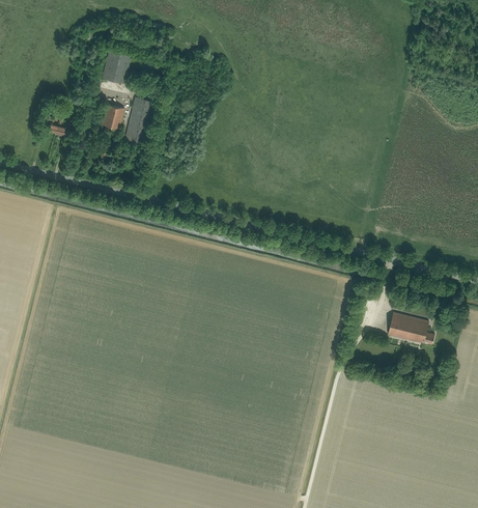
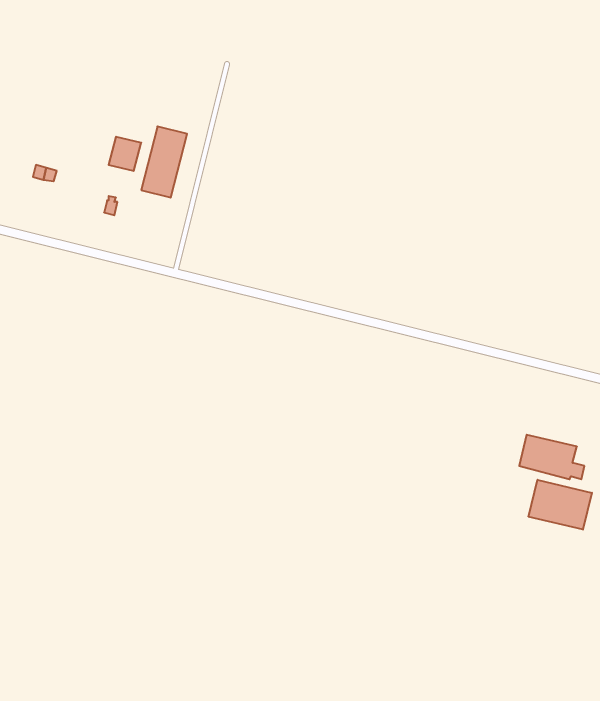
building: [102,47,131,83] -> none
building: none -> [529,480,592,530]

